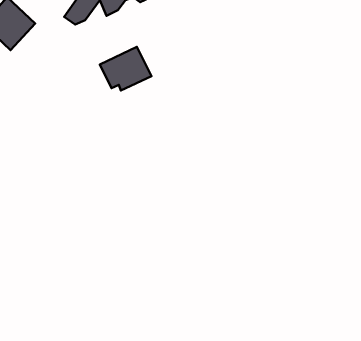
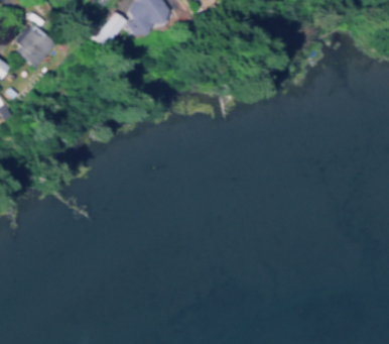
building: [100,47,152,91] -> none

